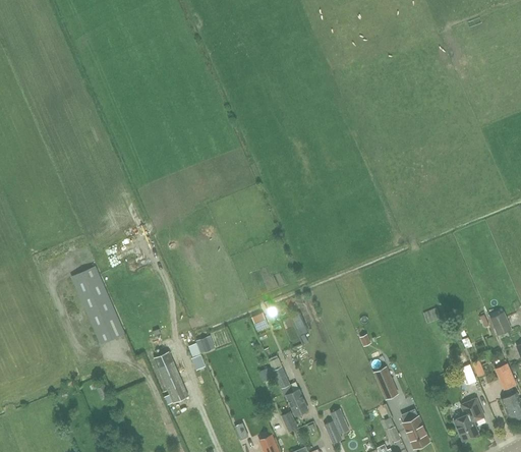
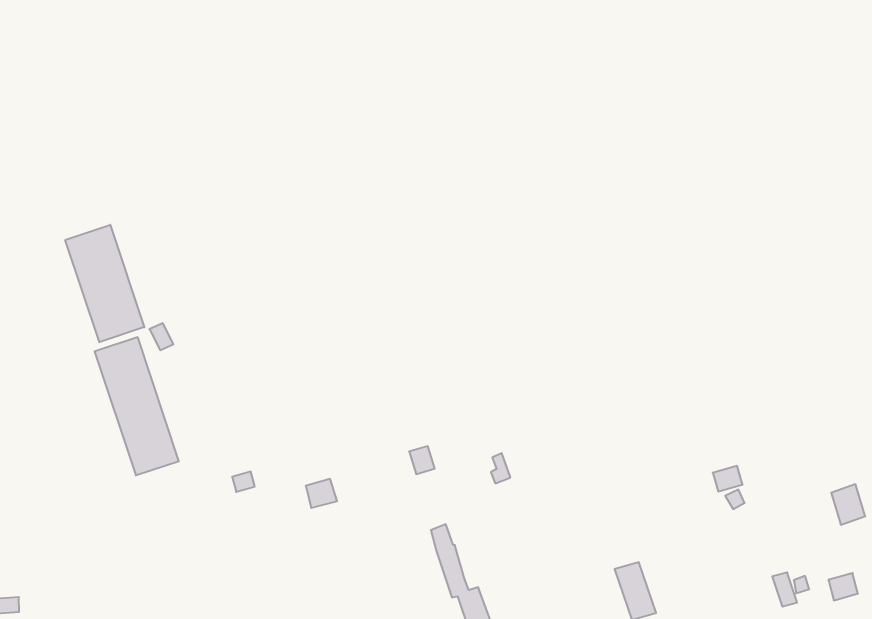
building: none -> [65,225,144,342]
building: [154,351,188,402] -> none

